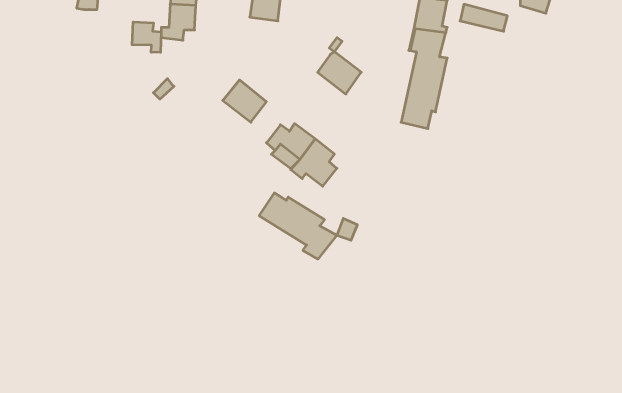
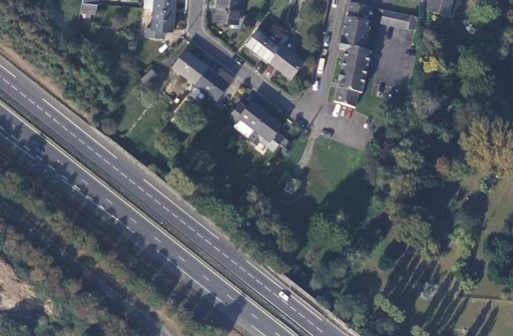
building: [132,22,161,52] -> none
building: none -> [247,31,280,62]
building: none -> [173,51,208,84]
building: [259,193,337,259] -> none

